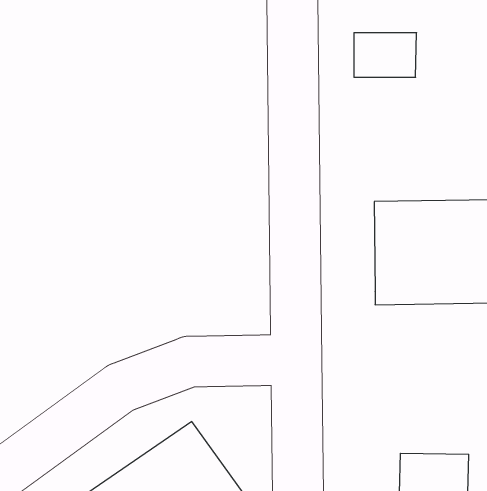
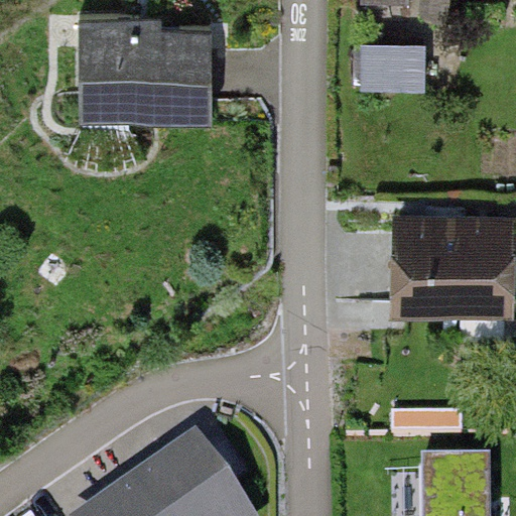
building: none -> [71,14,204,126]

